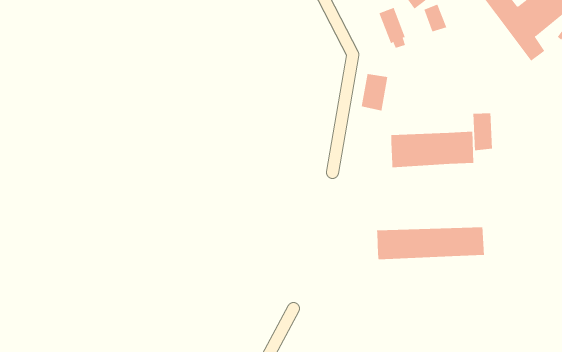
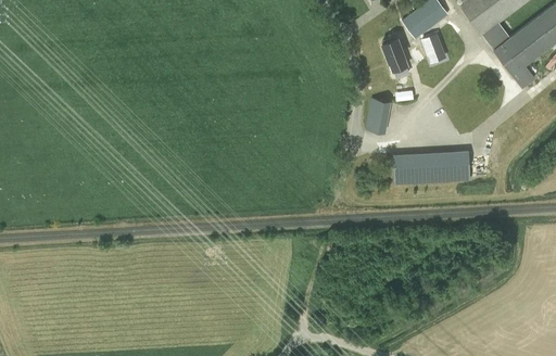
building: [473,113,493,151] -> none
building: [376,226,484,260] -> none

